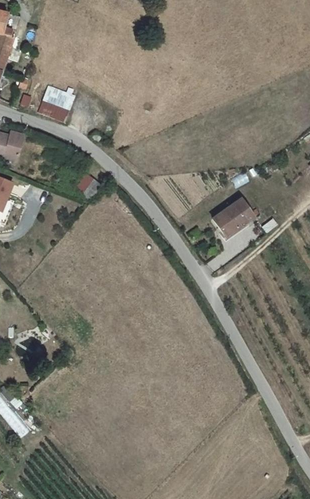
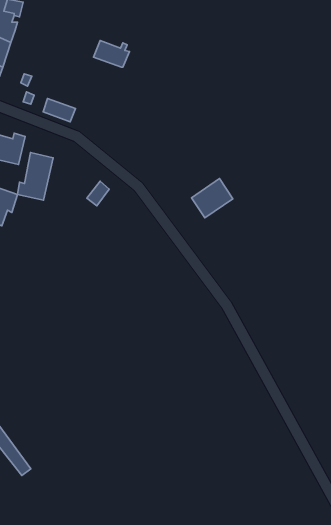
building: [44,86,76,110] -> [94,40,129,67]
building: none -> [17,152,53,200]
building: [214,198,251,233] -> [192,179,233,218]

